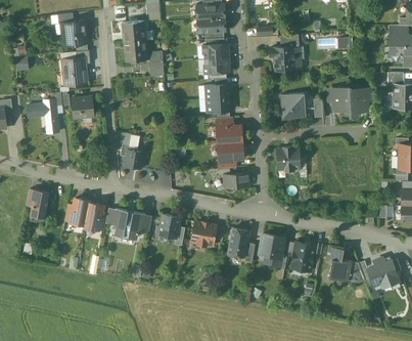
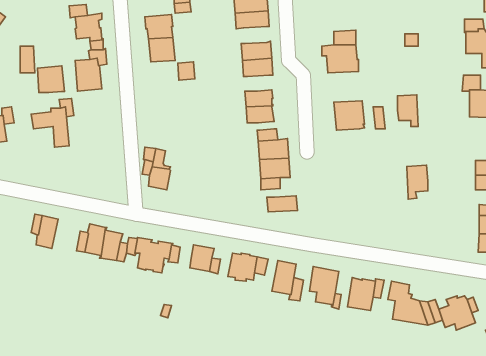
building: [350,89,367,118] -> [407,165,428,199]
building: [72,96,94,119] -> [38,66,64,93]
building: [276,147,300,171] -> none

